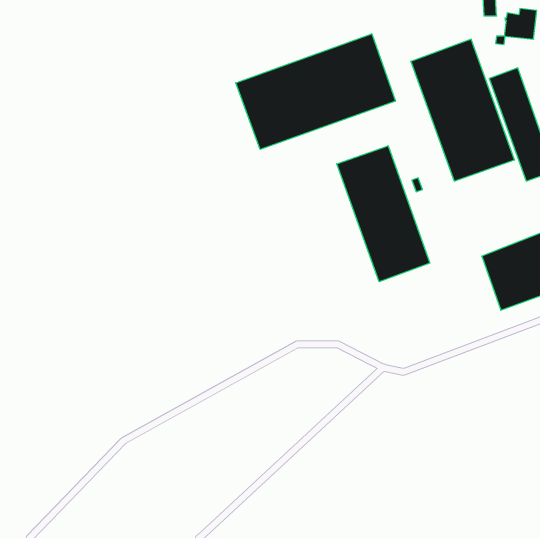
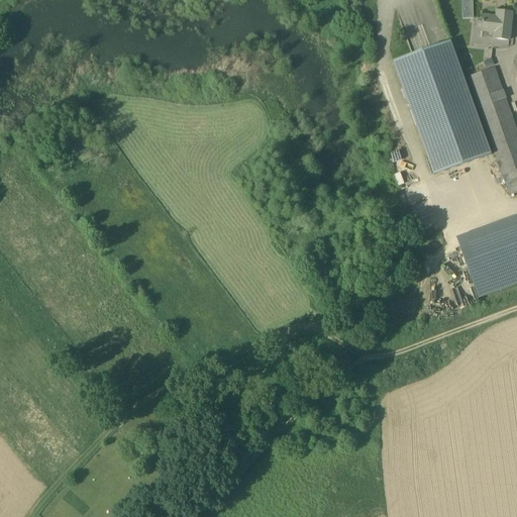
building: [236,34,395,149] -> none
building: [337,146,430,282] -> none

